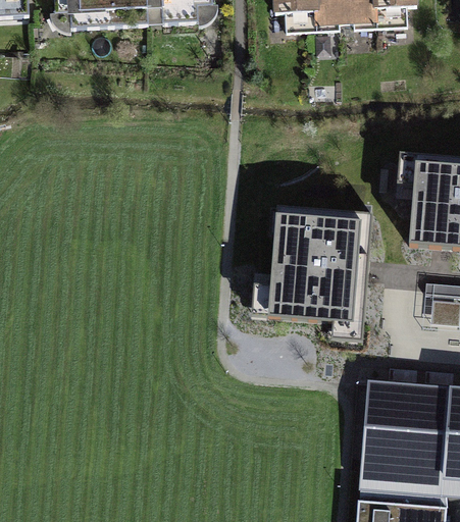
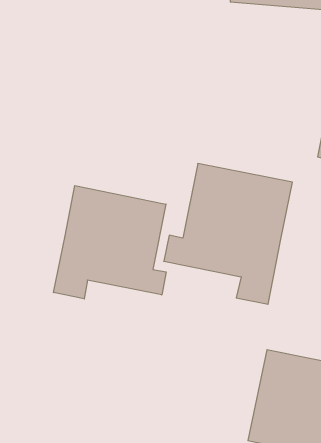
building: none -> [54,186,166,299]

